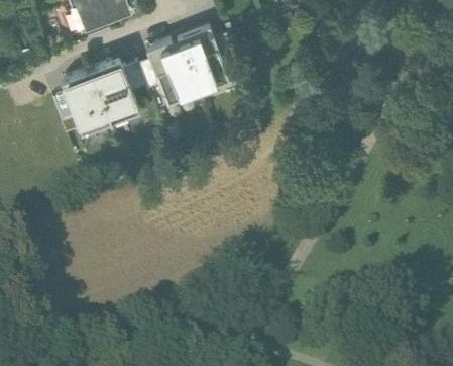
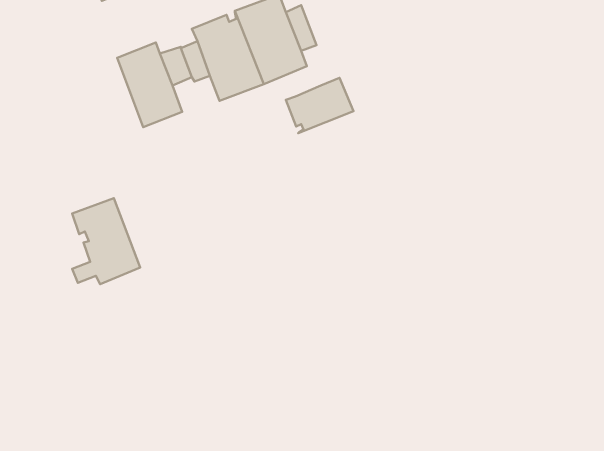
building: [61,70,110,132] -> [72,198,140,284]
building: none -> [286,78,353,133]

